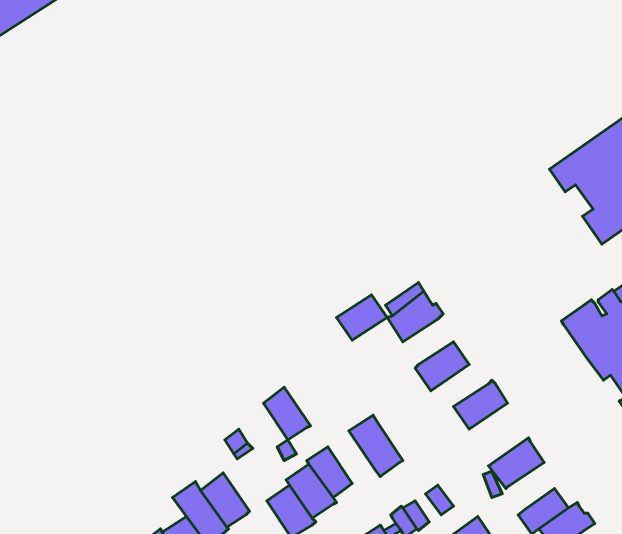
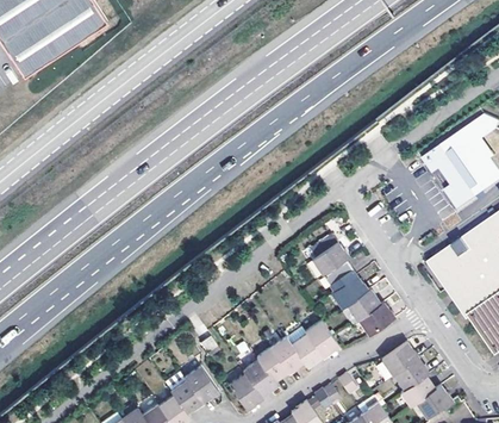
building: [337,295,387,340] -> [322,260,356,291]
building: none -> [341,288,380,323]
building: [263,387,310,440] -> [270,336,302,372]
building: none -> [305,319,338,356]
building: none -> [393,357,429,390]

